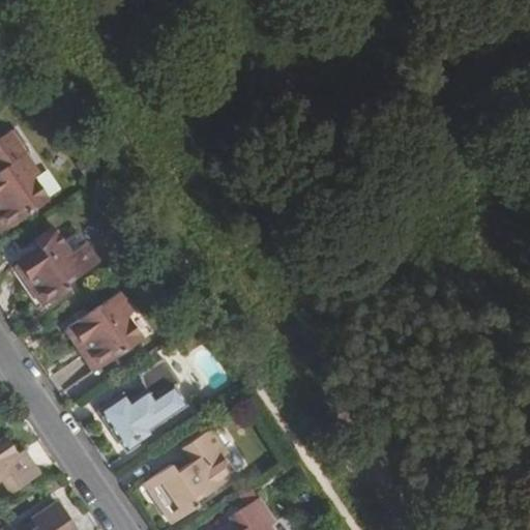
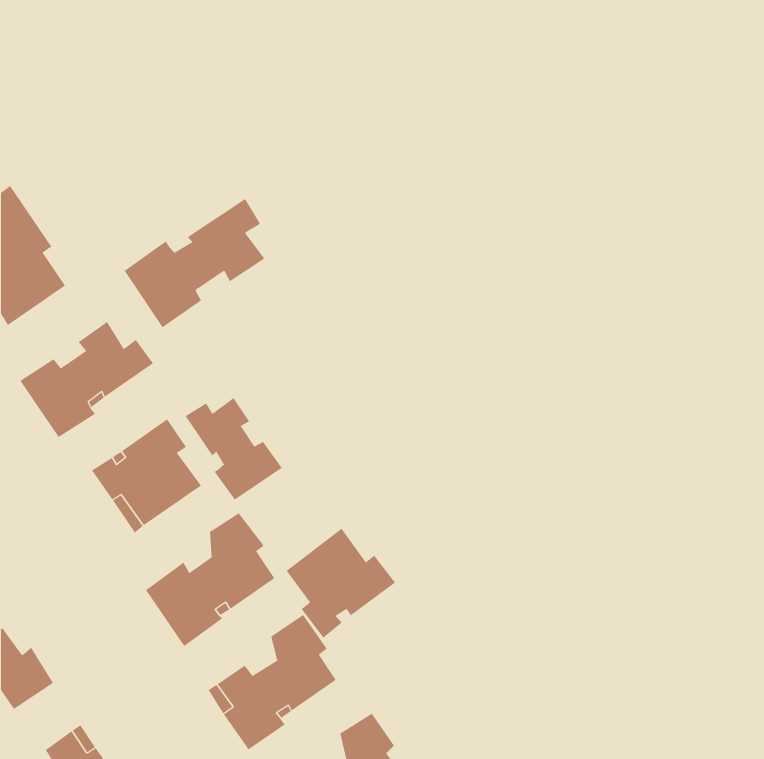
building: none -> [124,198,265,328]
building: none -> [185,397,282,500]
building: none -> [286,528,396,638]

